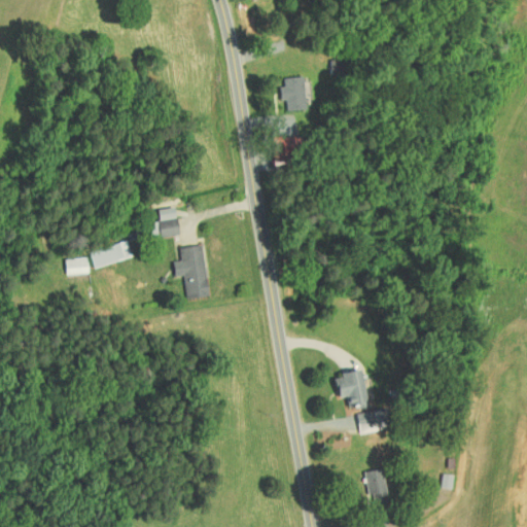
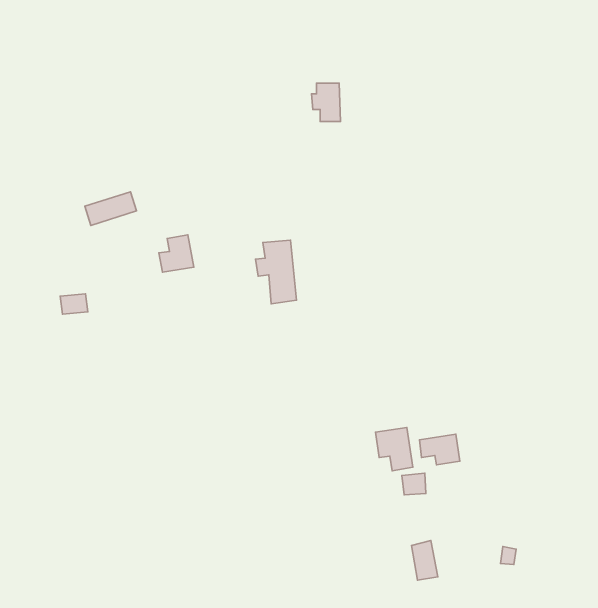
building: [90,240,134,269] -> [85,192,136,225]
building: [174,245,209,300] -> [256,240,297,304]
building: none -> [419,434,460,465]

